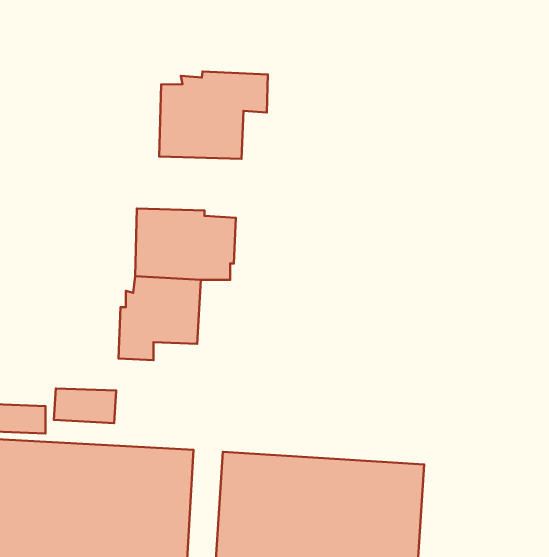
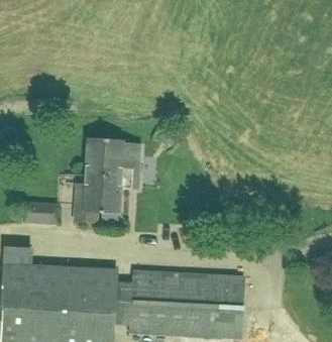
building: [159,72,268,159] -> none
building: [54,389,116,423] -> [22,205,57,224]

